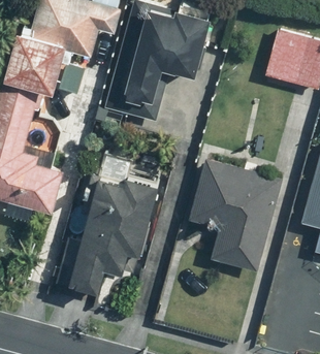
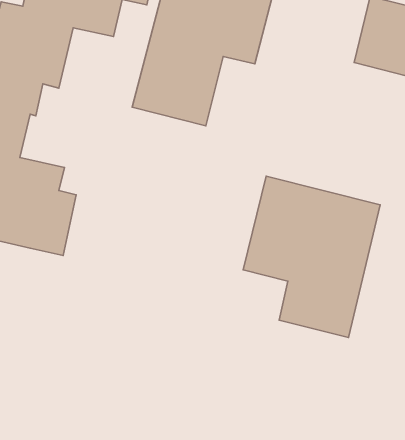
building: [62,155,157,292] -> none

